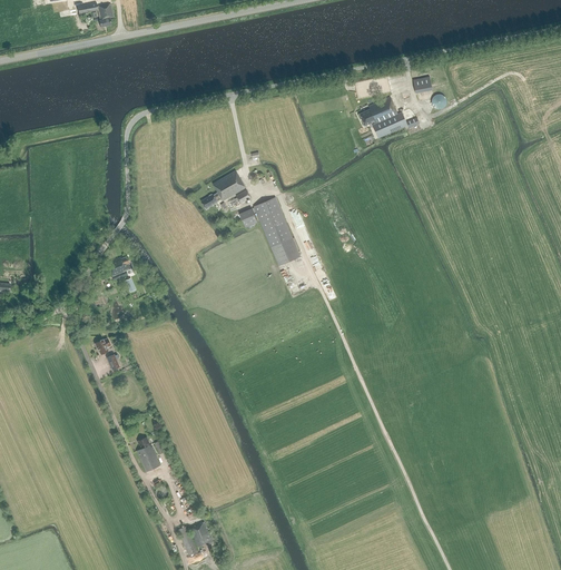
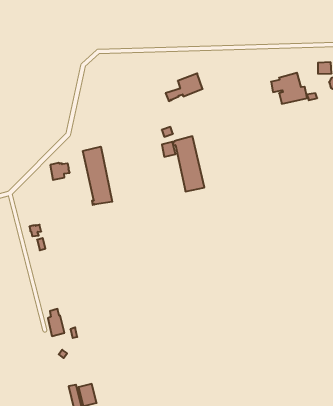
building: [200,170,245,210] -> [166,73,203,101]
building: none -> [83,147,112,205]

